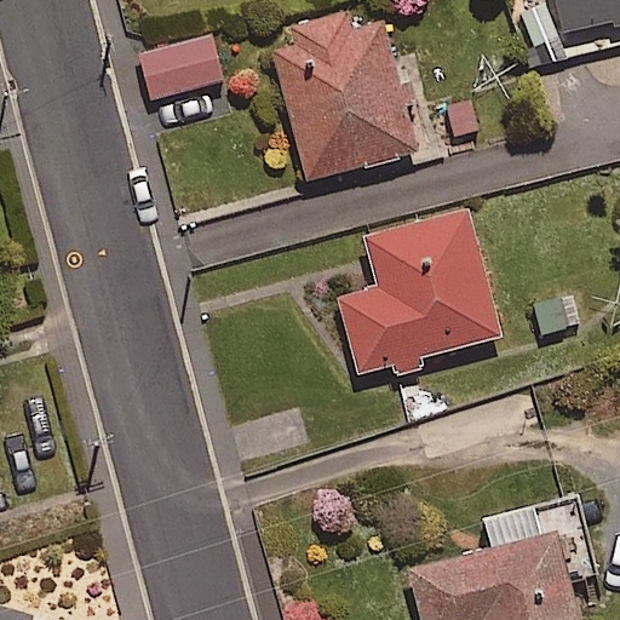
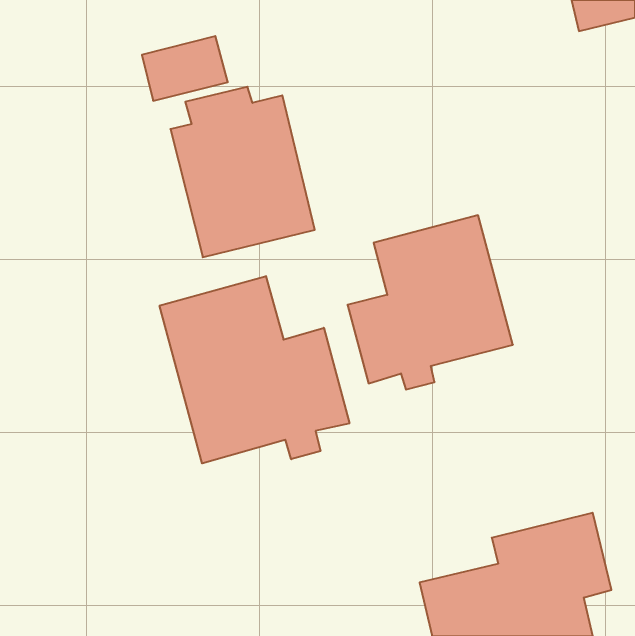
building: [274,12,414,178] -> [170,87,315,257]
building: none -> [160,276,349,463]

